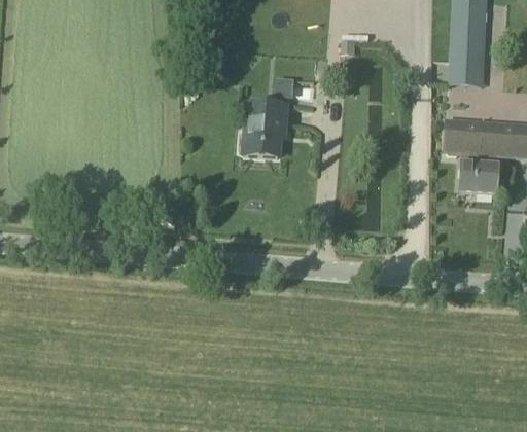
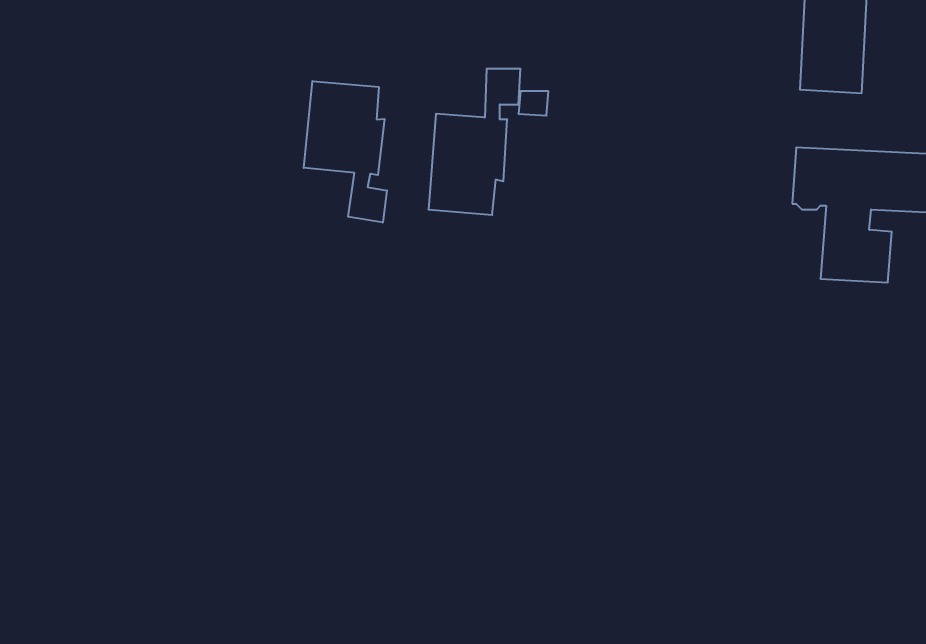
building: none -> [304,81,387,223]

